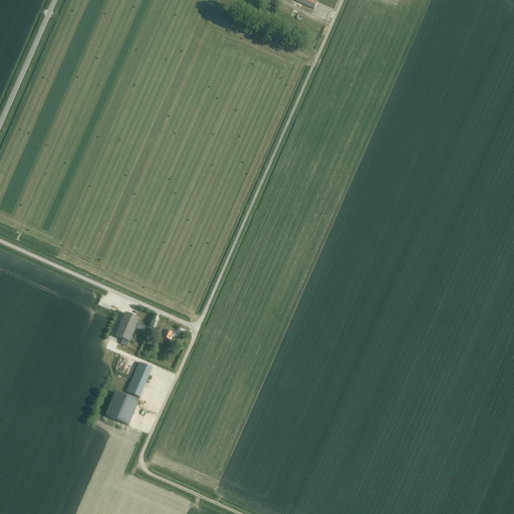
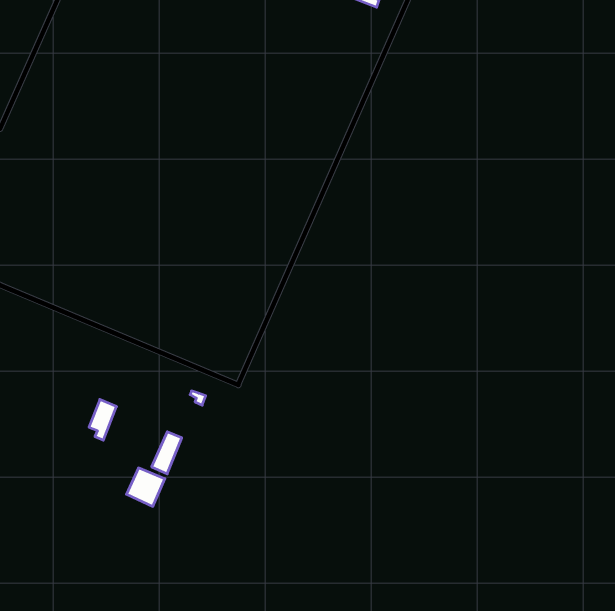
building: [115,310,139,344] -> [89,399,117,440]

